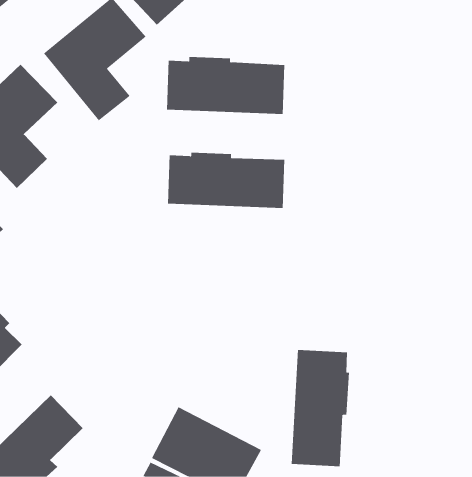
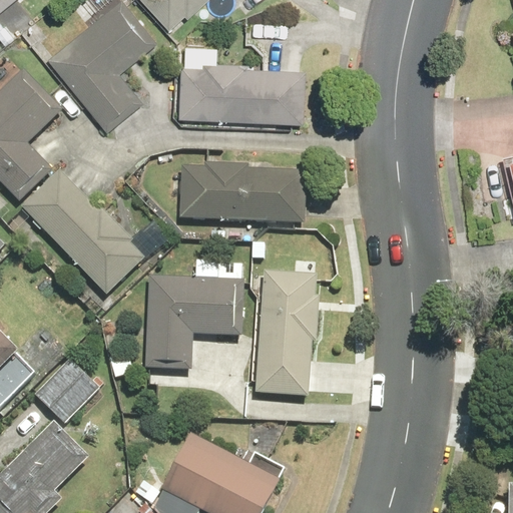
building: none -> [19,169,167,295]
building: none -> [143,276,242,369]
building: none -> [33,358,98,423]
building: [291,349,350,467] -> [254,271,318,396]

